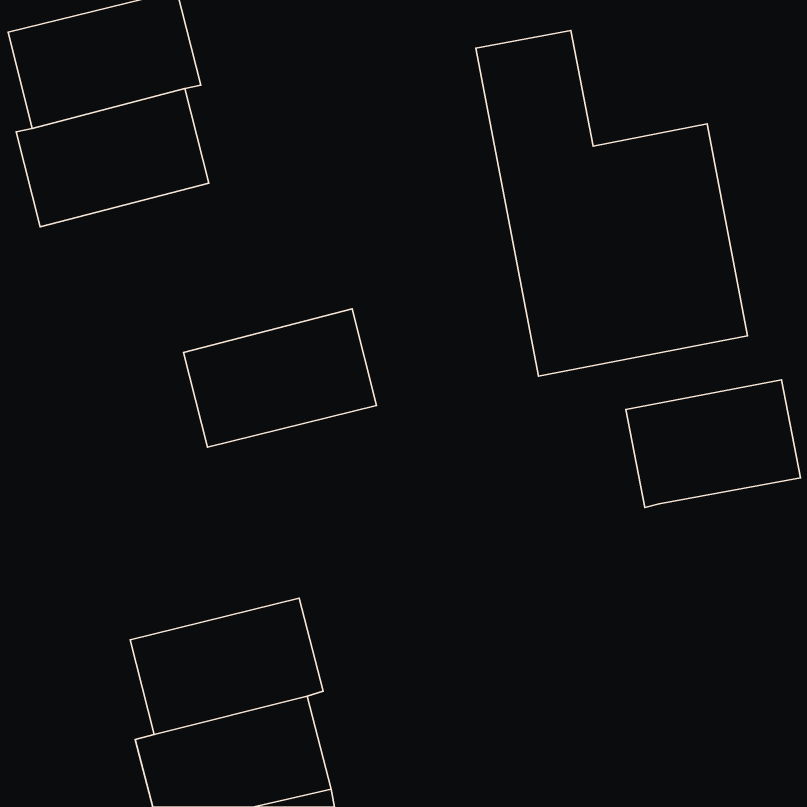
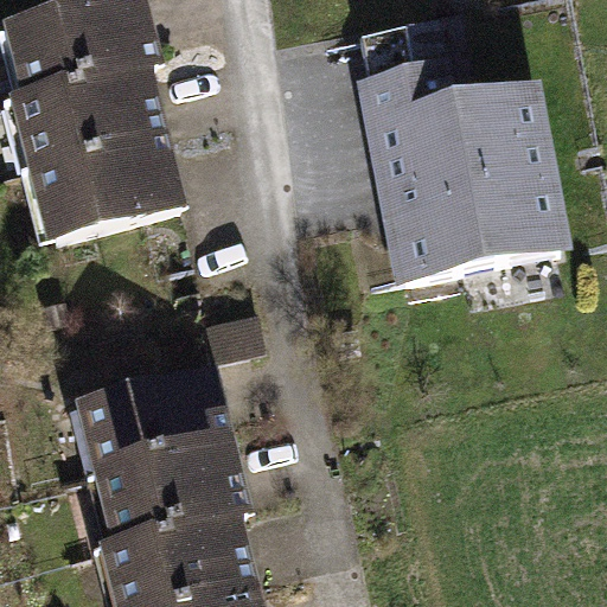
building: [184,309,376,447] -> [30,135,172,237]
building: [626,380,801,508] -> none
building: none -> [78,371,221,472]

